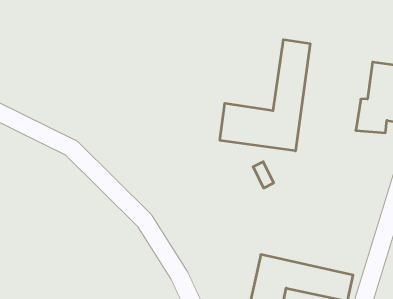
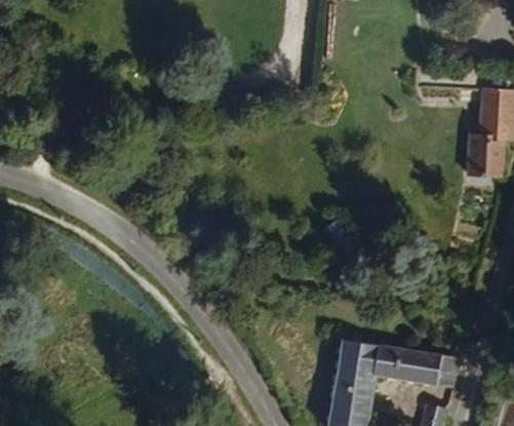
building: [220,40,310,151] -> none

